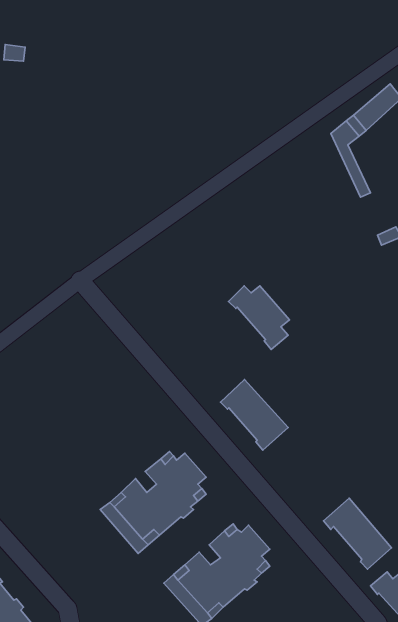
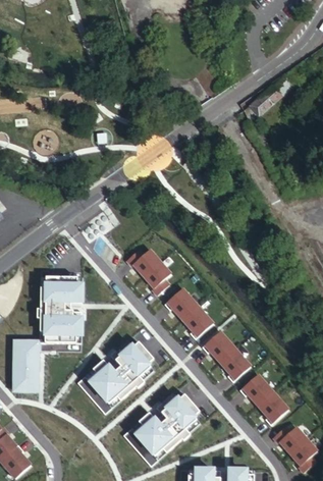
building: [229,286,289,349] -> [126,249,170,295]
building: none -> [37,276,83,341]
building: none -> [202,330,251,381]
building: none -> [14,340,41,389]

